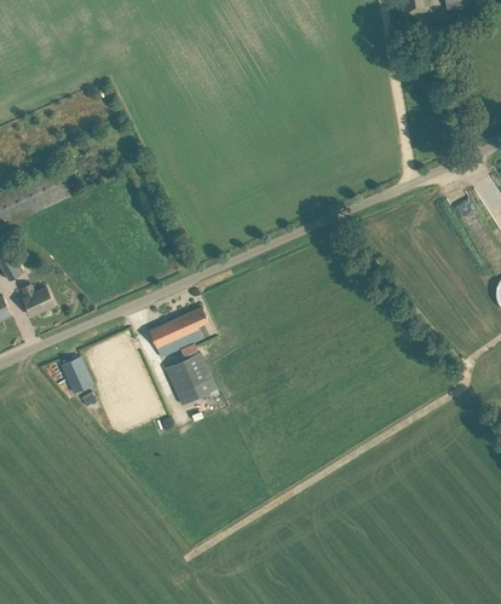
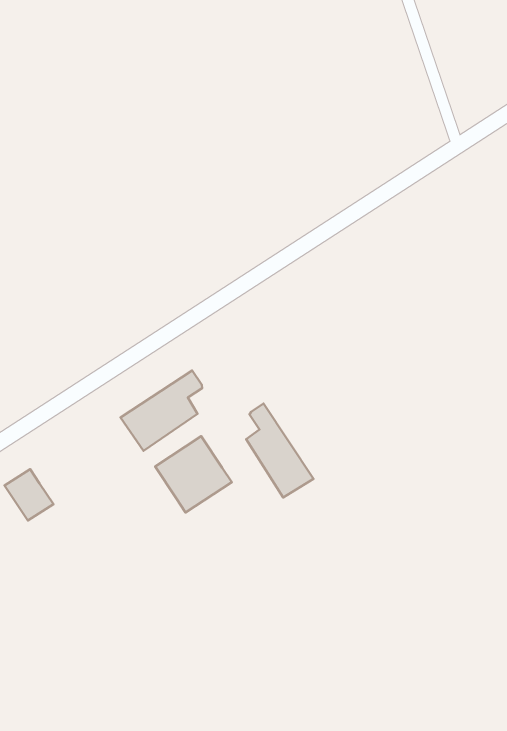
building: none -> [246,403,313,497]

